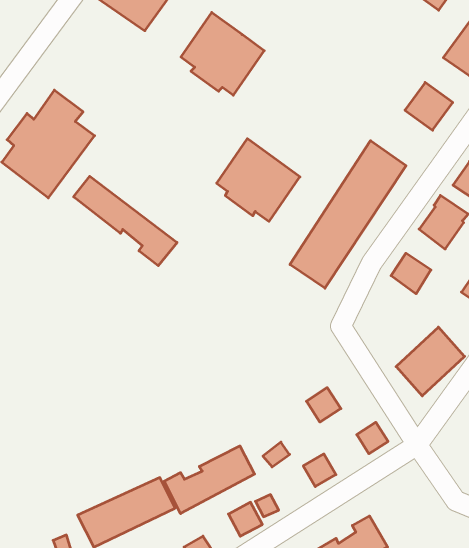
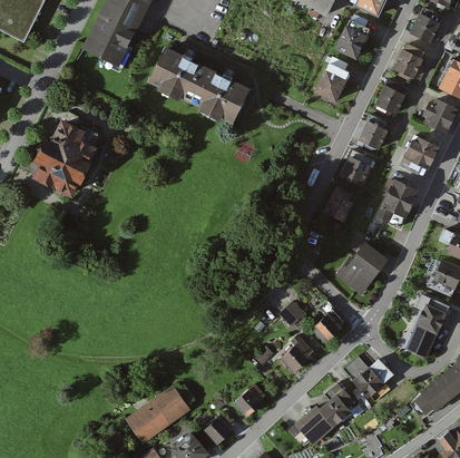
building: [217,139,300,221] -> [189,65,248,121]
building: [290,141,406,288] -> none
building: [74,176,177,266] -> none
building: [164,446,255,514] -> none
building: none -> [343,355,393,397]

